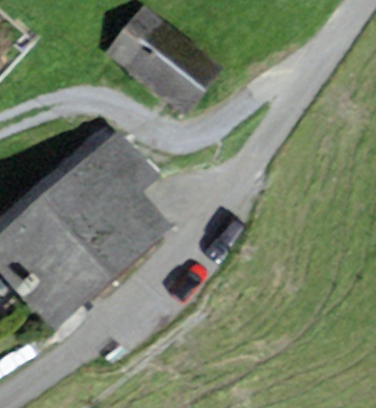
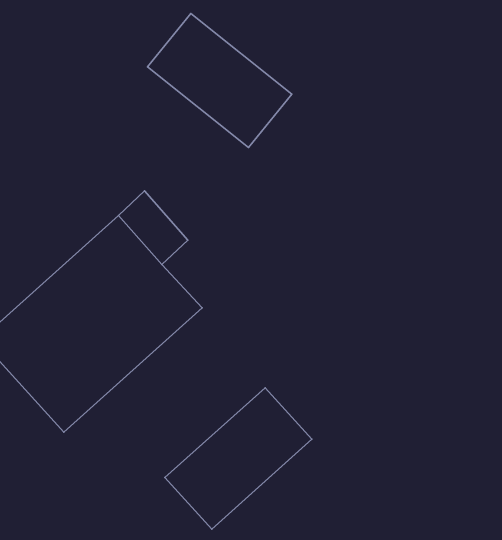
building: none -> [165,388,312,529]

